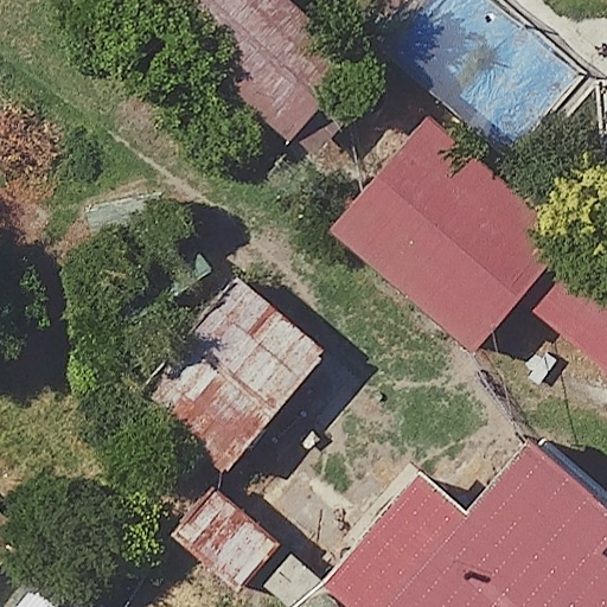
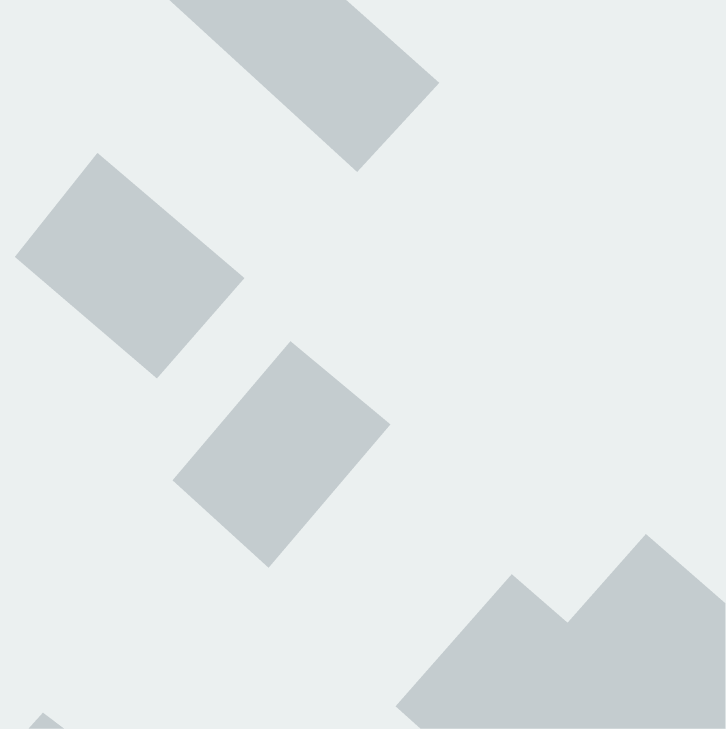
building: [336,121,570,350] -> none
building: none -> [14,152,245,380]

